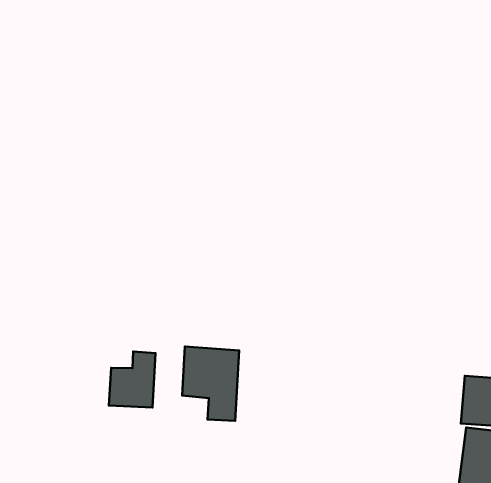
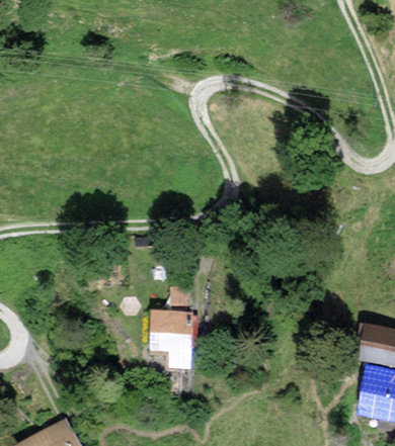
building: [109,352,155,407] -> none

